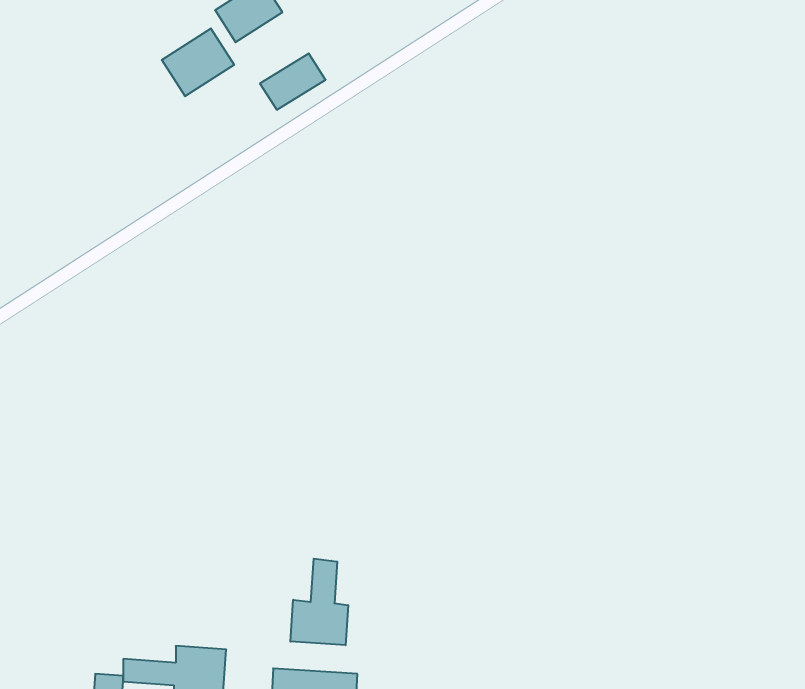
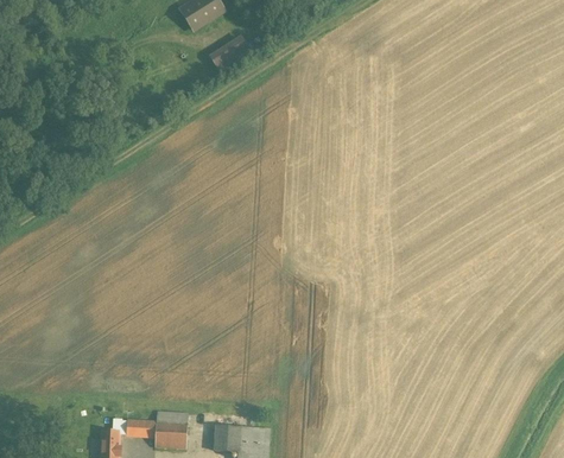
building: [162,28,234,96] -> none
building: [290,559,348,645] -> none

